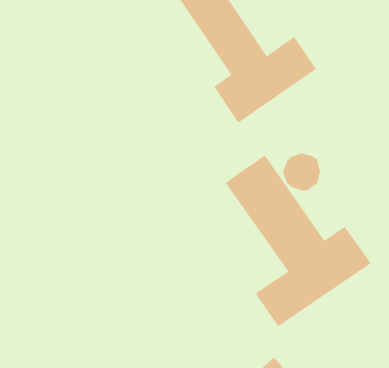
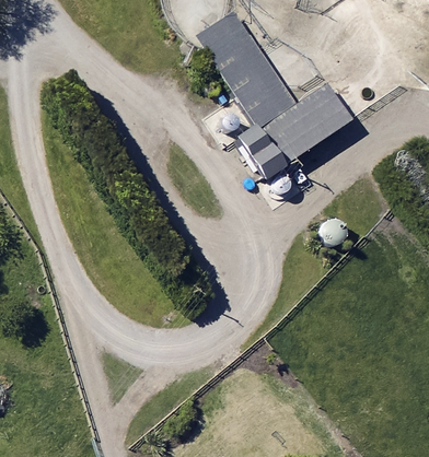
building: [225,155,371,327] -> none

